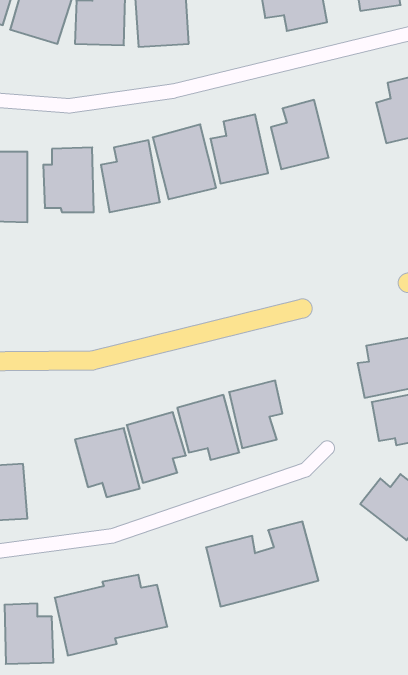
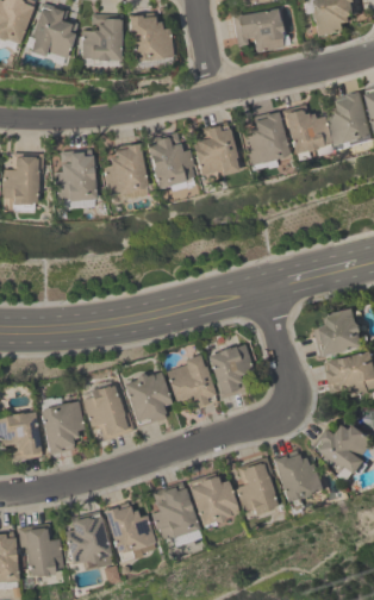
building: none -> [282,106,334,160]
building: none -> [38,396,86,455]
building: none -> [272,450,326,504]
building: none -> [148,482,200,546]

